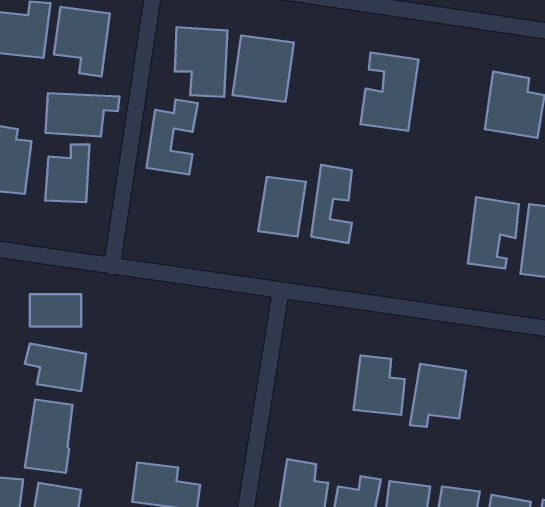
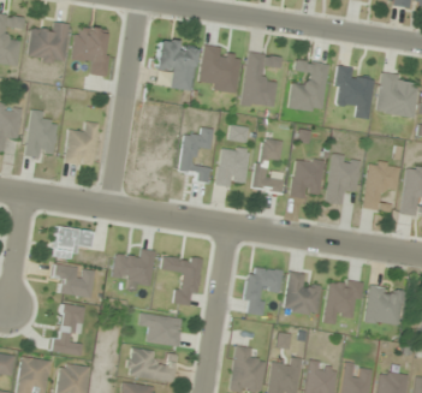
building: none -> [242,52,283,108]
building: none -> [333,65,375,118]
building: [45,93,119,136] -> none
building: [147,100,198,174] -> [178,127,214,180]
building: none -> [327,155,362,204]
building: none -> [291,156,325,200]
building: none -> [112,249,155,284]
building: none -> [161,254,202,305]
building: none -> [243,266,283,315]
building: none -> [364,285,404,326]
building: none -> [139,314,183,345]

